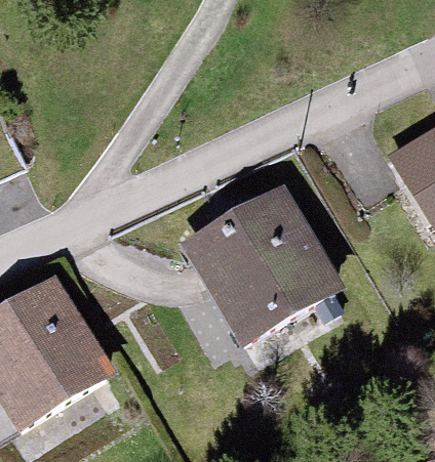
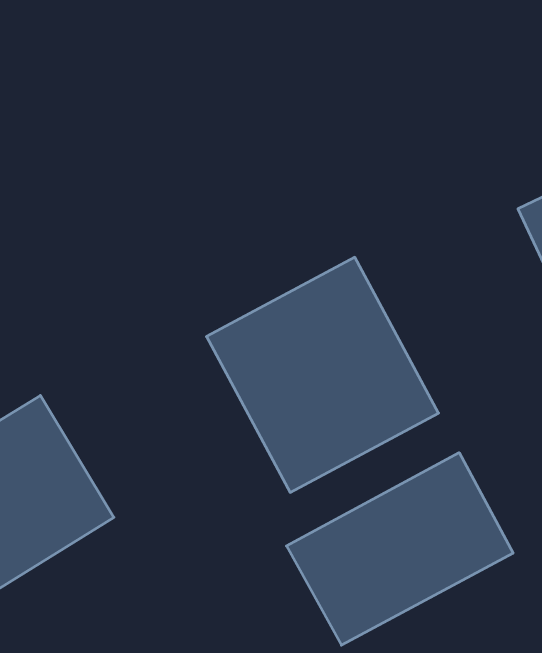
building: none -> [286,453,513,645]

